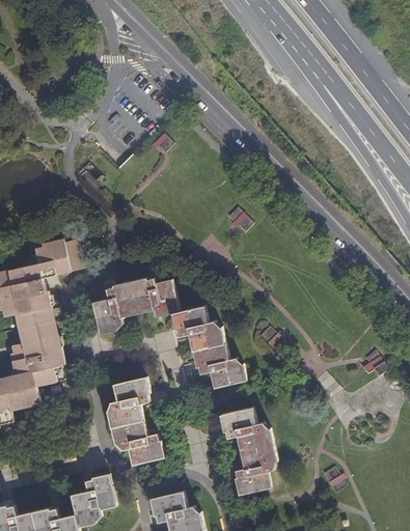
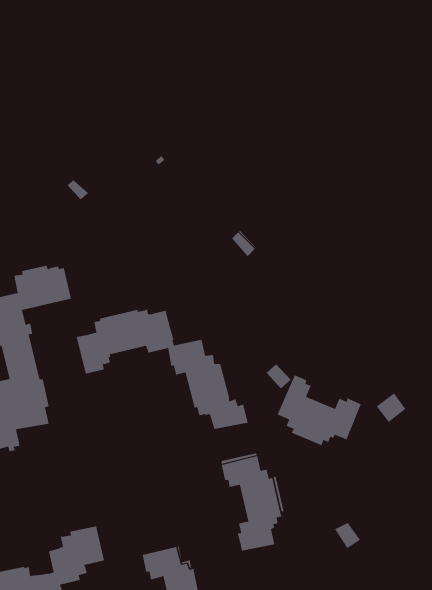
building: none -> [277,375,362,446]
building: [106,374,162,466] -> none

